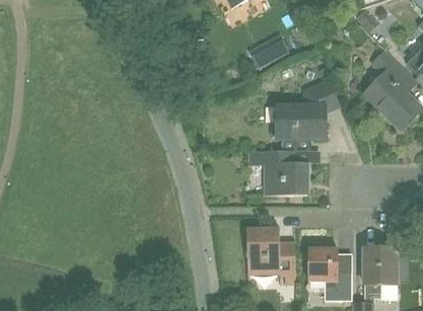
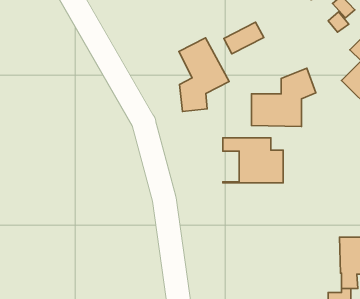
building: none -> [179,38,229,111]
building: [246,226,295,283] -> none
building: [308,246,352,300] -> none

